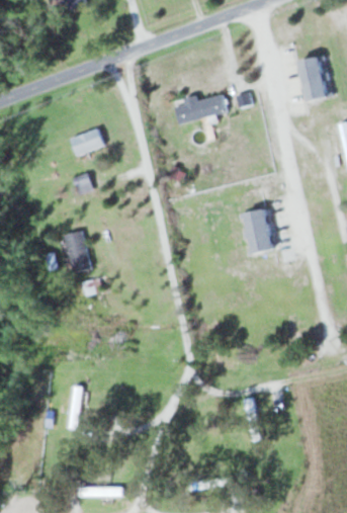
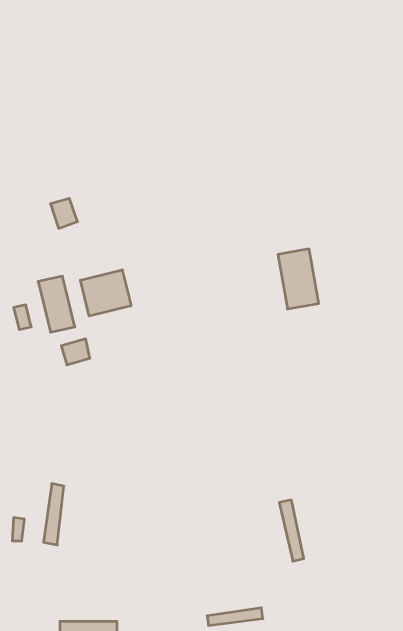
building: [298,58,328,102] -> none
building: [176,95,228,123] -> none
building: [70,127,104,156] -> none
building: none -> [80,270,131,316]

